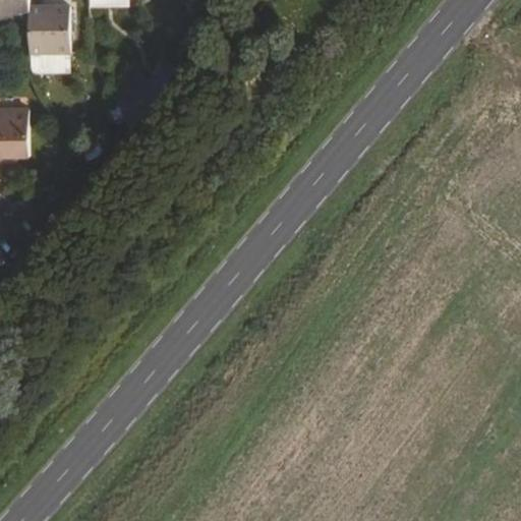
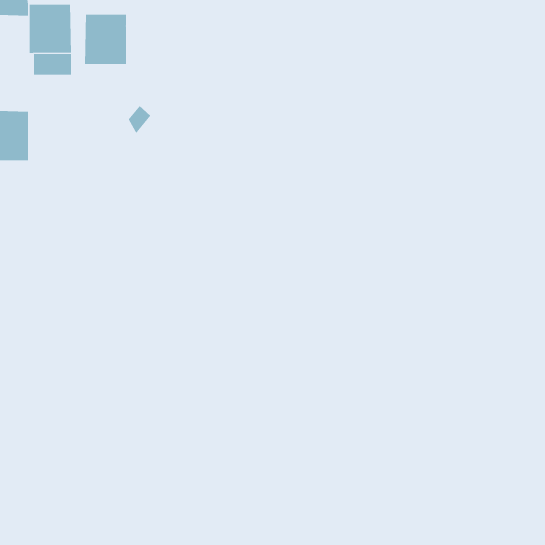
building: none -> [85,14,126,65]

